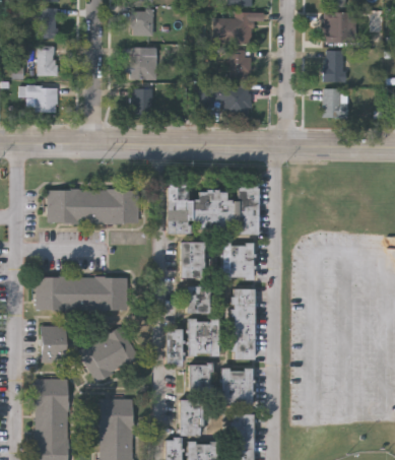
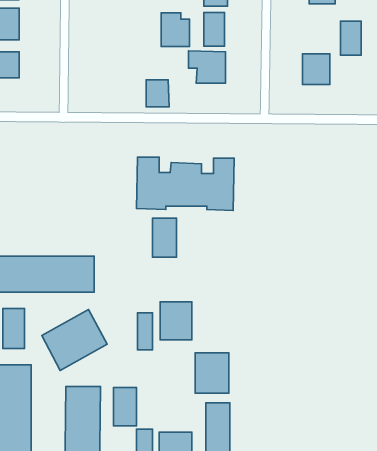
building: [130,48,156,79] -> [161,13,189,46]
building: [324,50,343,81] -> [340,21,361,55]
building: [131,88,152,114] -> [146,80,169,107]
building: [47,189,138,224] -> none
building: [222,243,253,279] -> none
building: [187,286,209,313] -> none
building: [234,288,254,359] -> none
building: [190,364,212,390] -> none
building: [181,399,202,435] -> [114,388,136,426]

